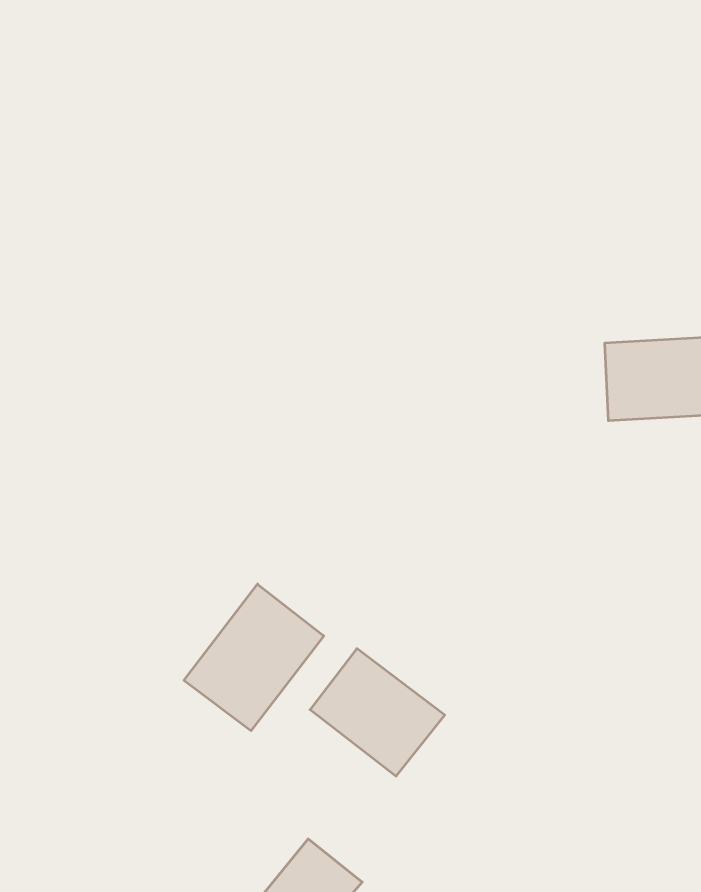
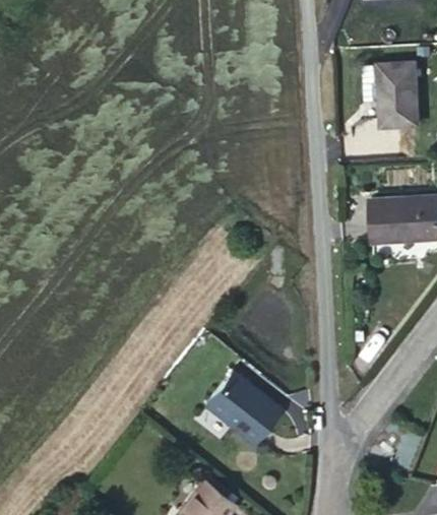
building: none -> [365,62,421,127]
building: [184,584,324,731] -> none

